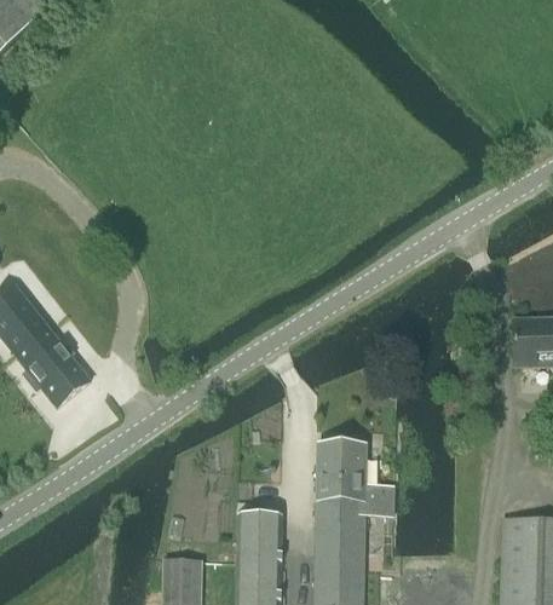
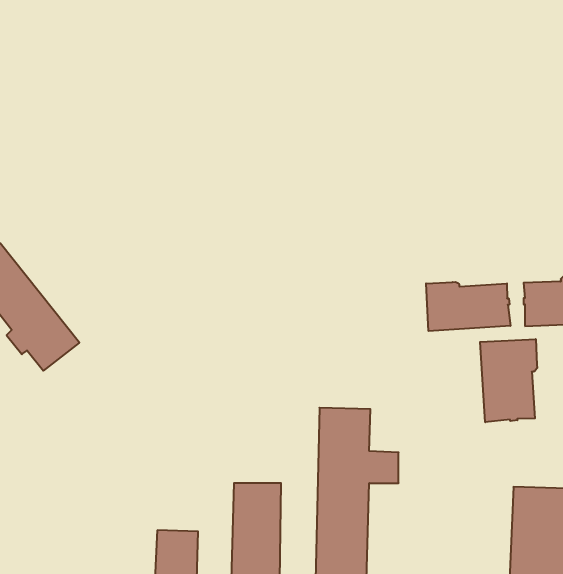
building: none -> [426,282,510,331]
building: none -> [480,339,537,422]

